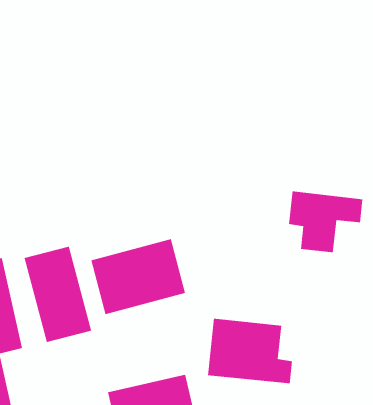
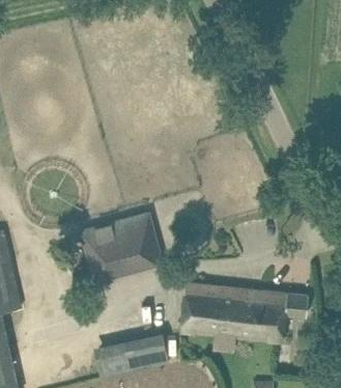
building: [288,191,363,253] -> [244,290,309,344]
building: [24,246,92,343] -> none

